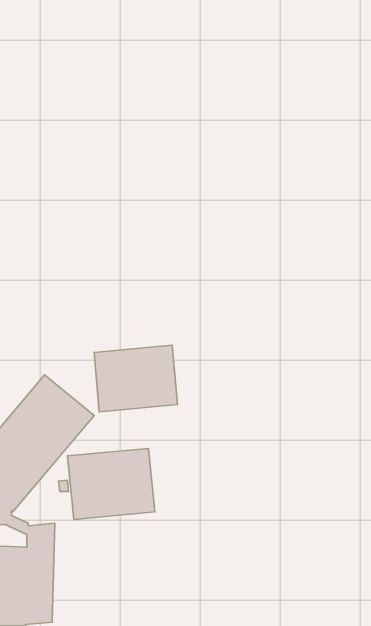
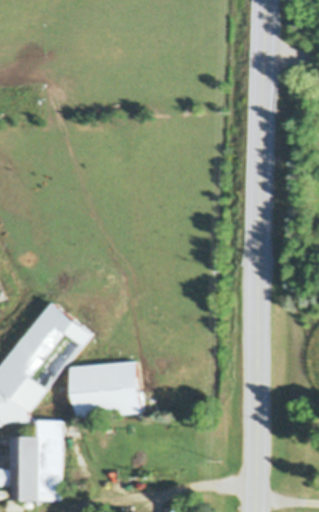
building: [94,345,177,412] -> none

